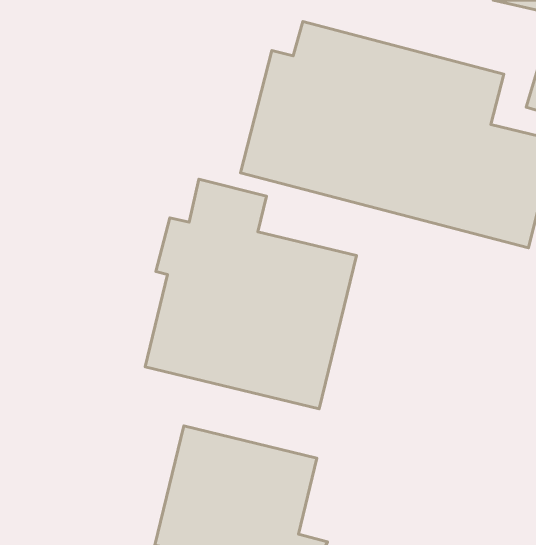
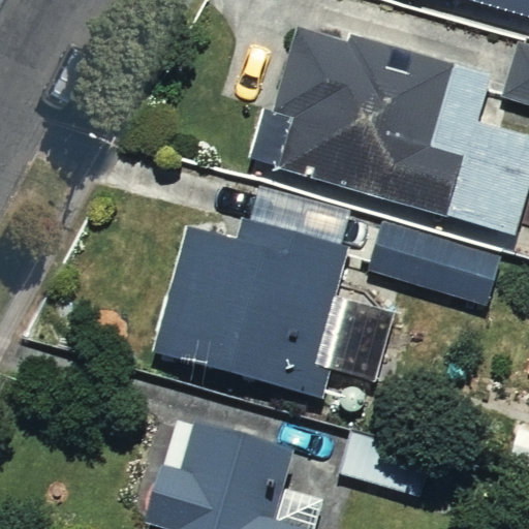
building: none -> [375,217,514,308]

